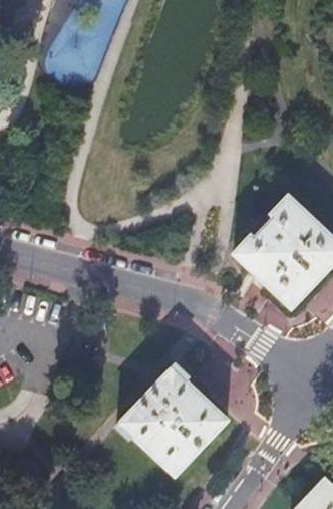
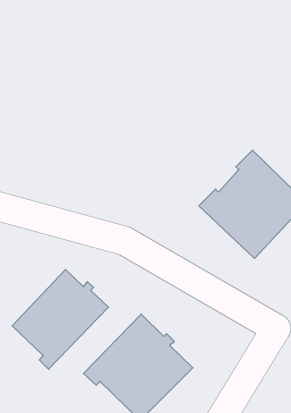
building: none -> [12,269,109,369]

